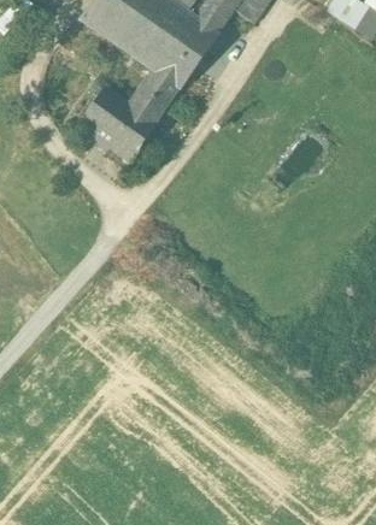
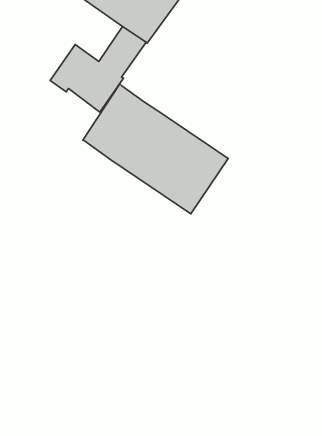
building: none -> [83,84,228,214]

